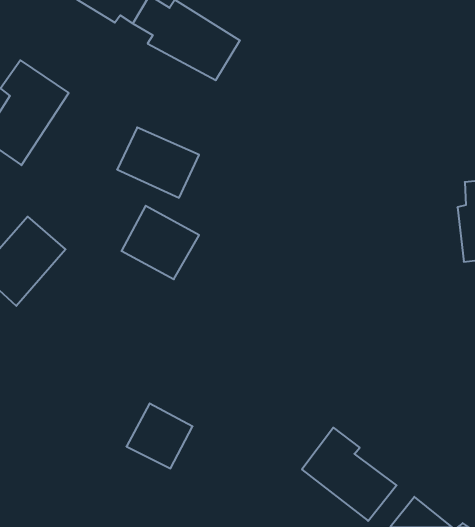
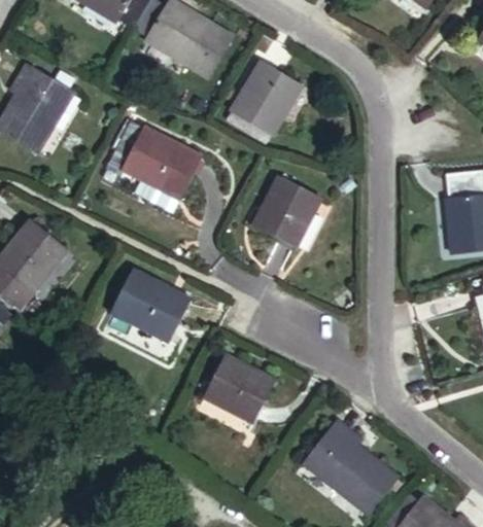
building: none -> [242,64,314,141]
building: none -> [251,182,319,254]
building: [121,206,199,279] -> [112,268,188,340]
building: [126,403,193,468] -> [202,355,267,419]

